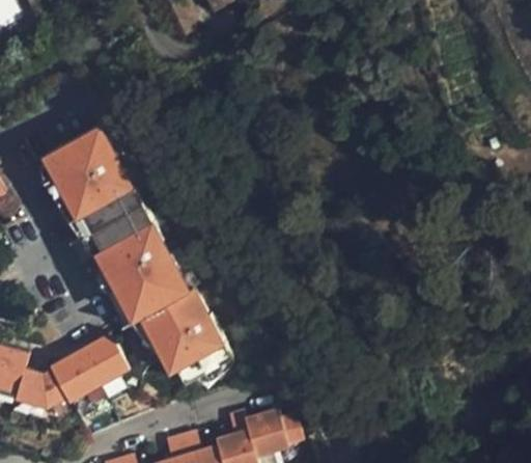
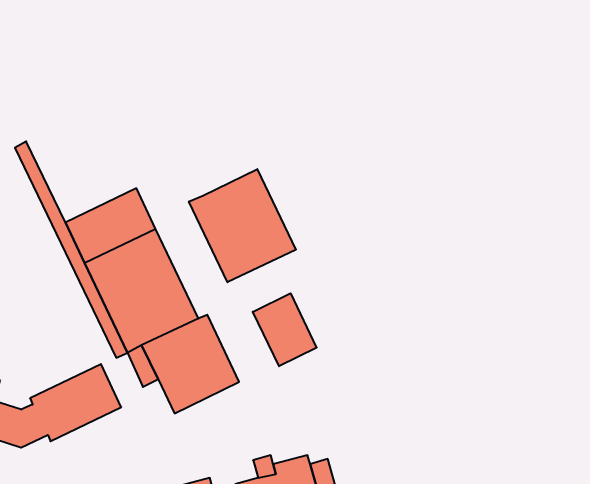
building: [48,126,138,220] -> none
building: none -> [189,169,296,282]
building: none -> [253,293,317,366]

